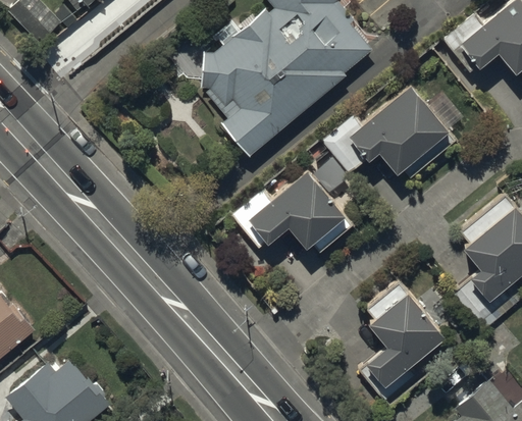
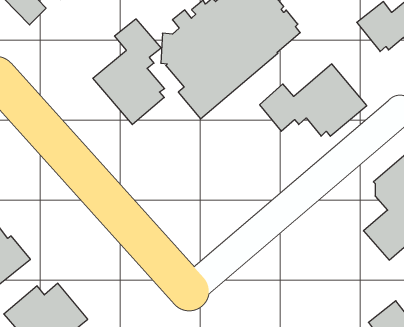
building: none -> [93,19,165,125]
building: [231,173,353,253] -> none
building: [360,283,443,399] -> none

